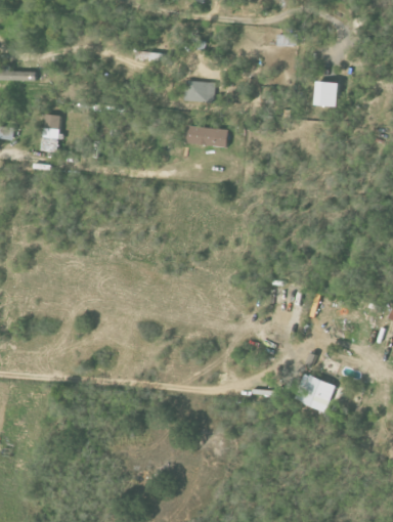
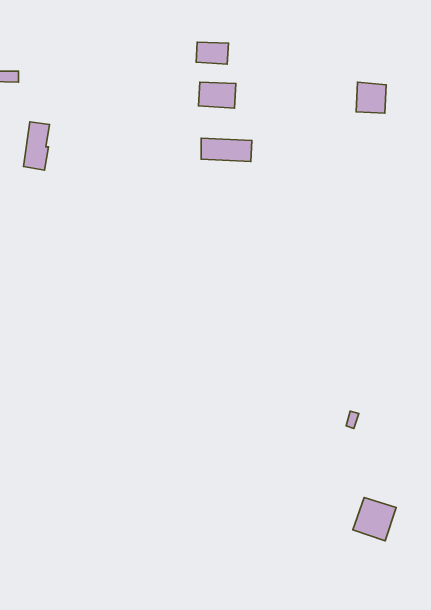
building: none -> [196,42,228,64]
building: [298,376,334,411] -> [353,498,396,541]

